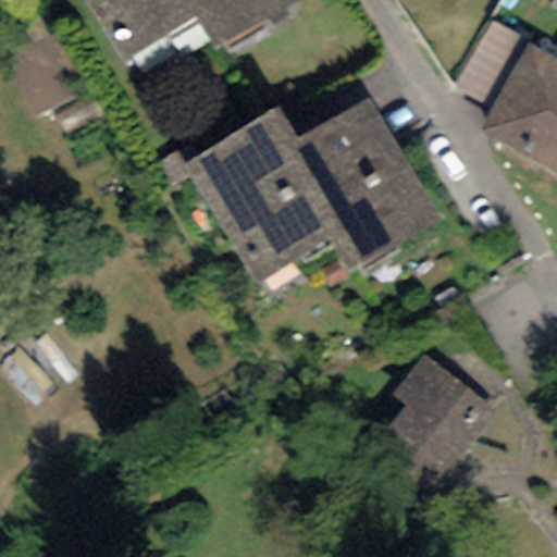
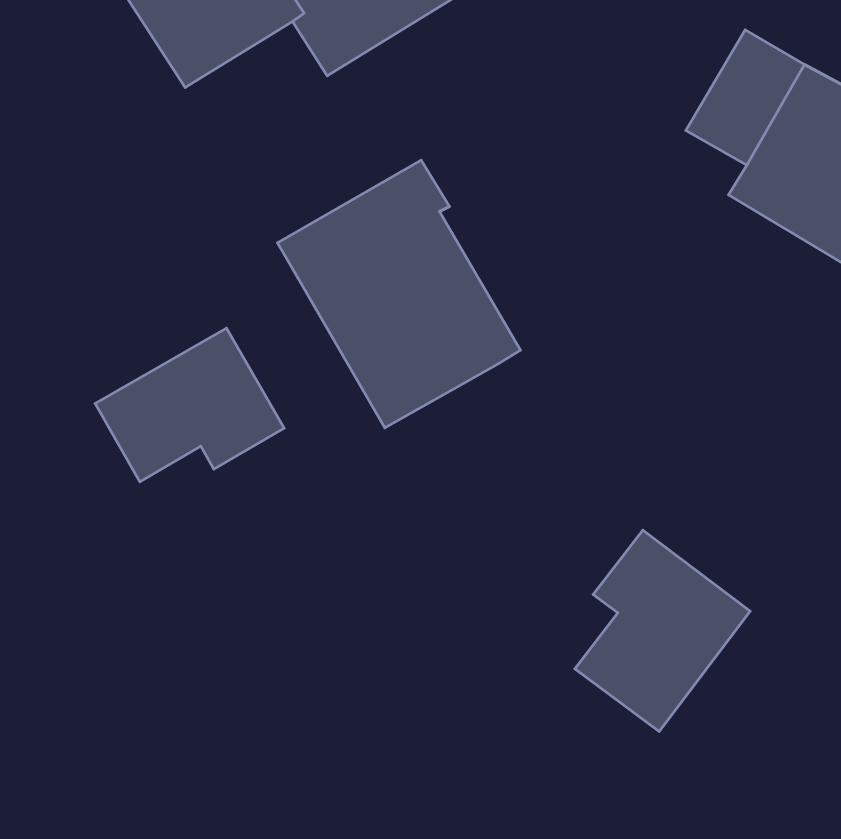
building: [292,95,443,272] -> none
building: none -> [95,328,284,482]

